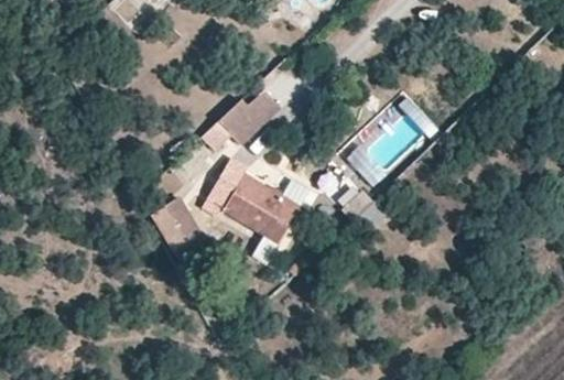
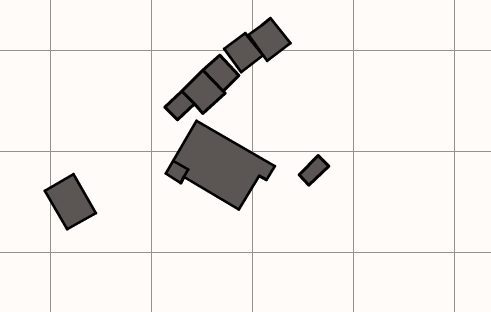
building: none -> [248,18,290,61]
building: [148,194,200,251] -> [45,174,96,229]

